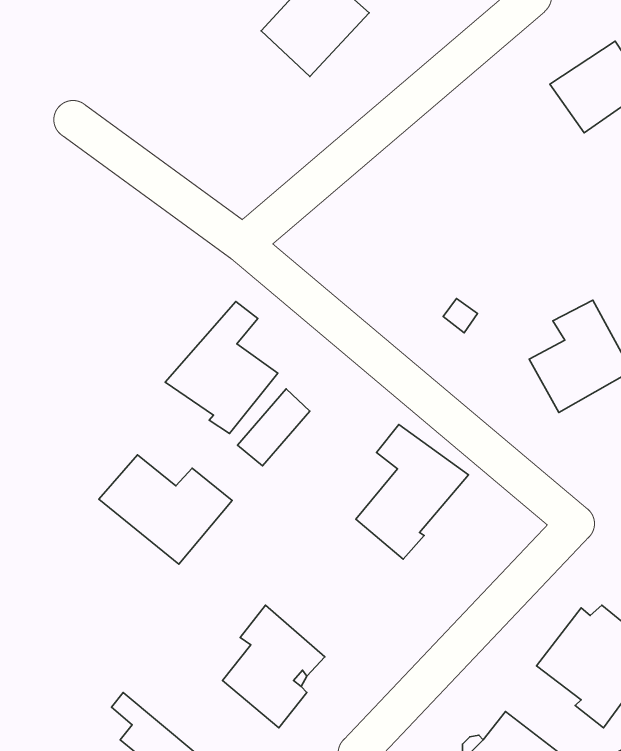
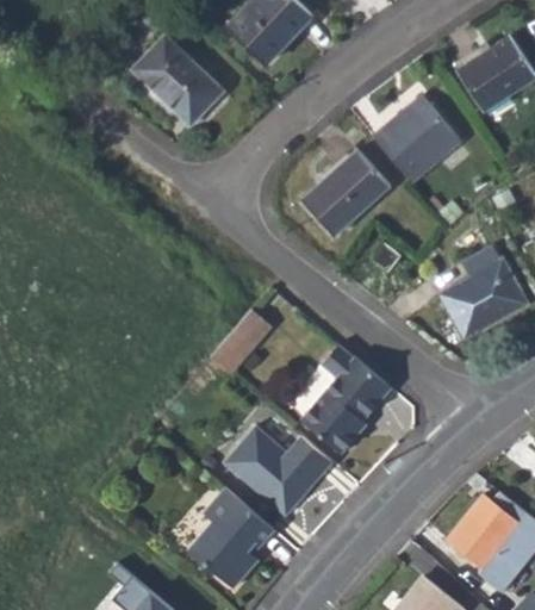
building: none -> [131,33,223,123]
building: none -> [373,95,460,182]
building: none -> [301,150,388,235]
building: [165,302,278,433] -> none
building: [99,455,232,564] -> [224,429,331,517]

